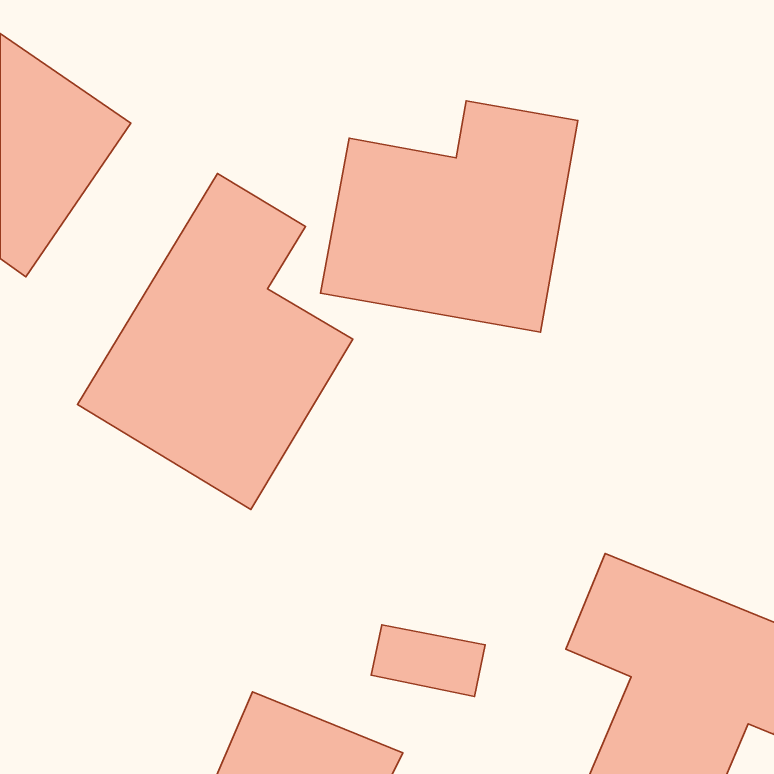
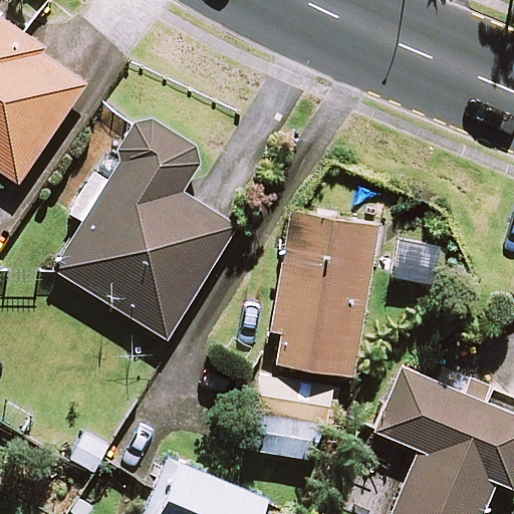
building: [321,101,578,332] -> none
building: none -> [266,213,377,375]

